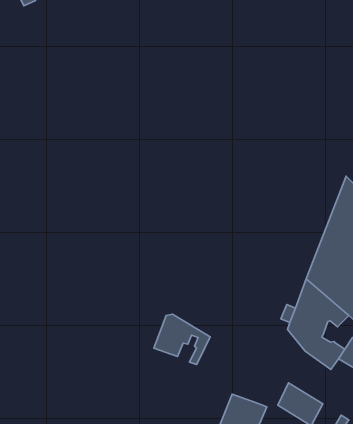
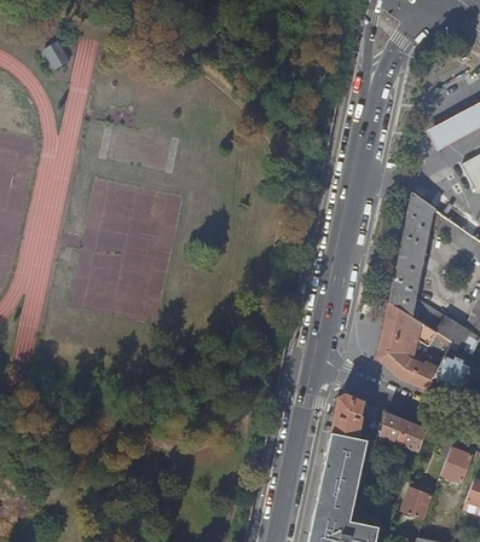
building: [154,314,210,364] -> [331,396,387,443]

